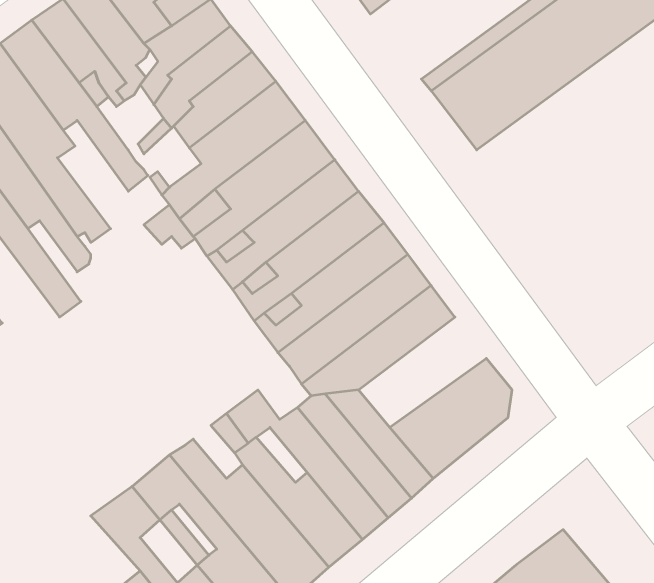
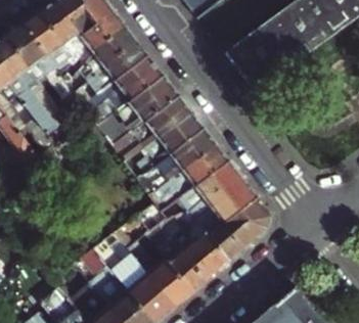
building: none -> [191,177,258,234]

